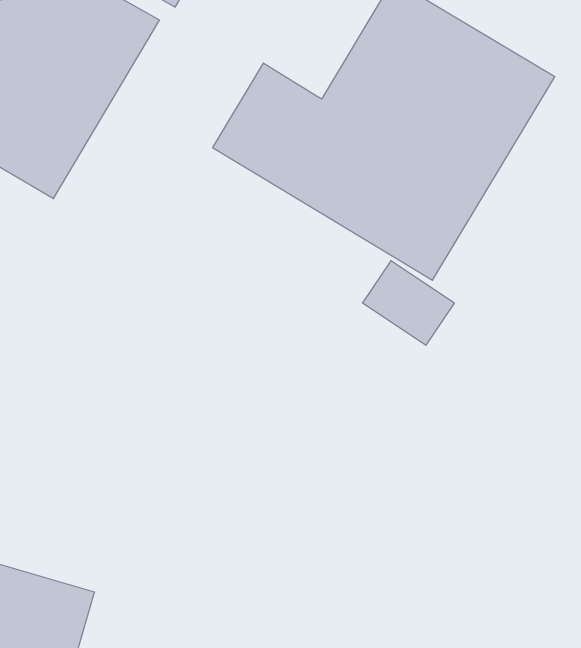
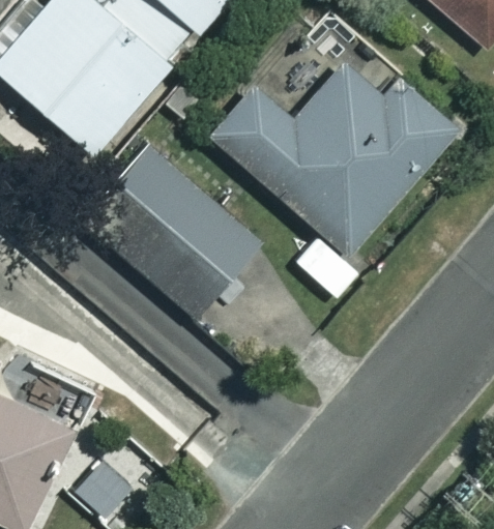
building: none -> [83,152,260,324]

